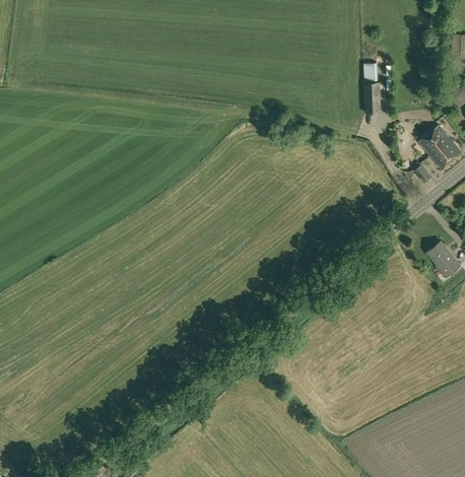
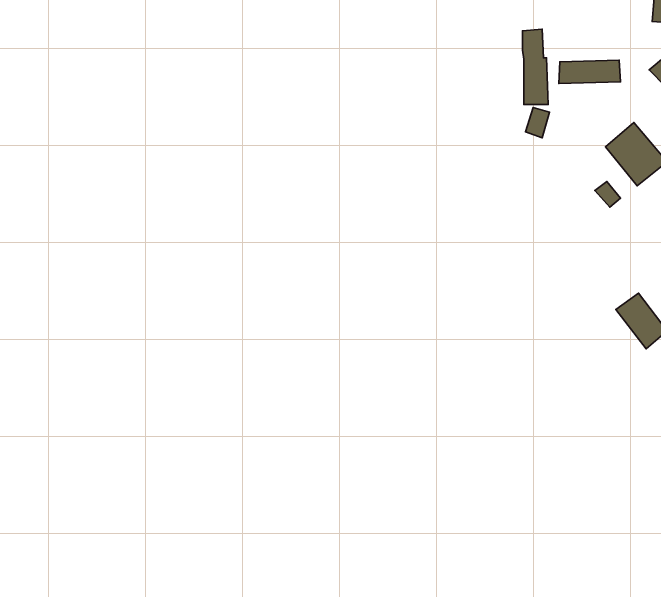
building: none -> [559,60,621,84]

